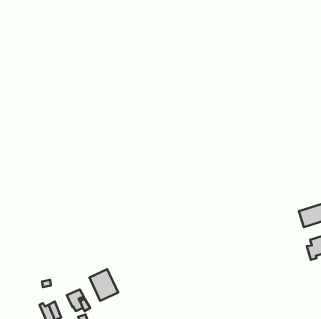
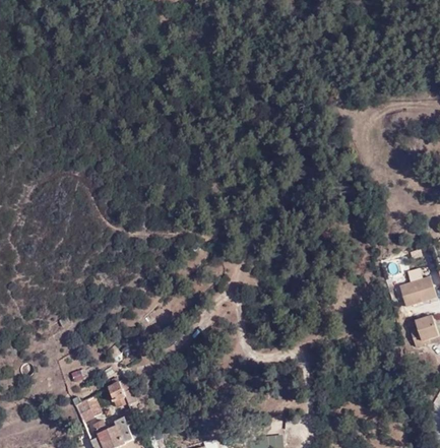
building: [89,269,118,301] -> none

